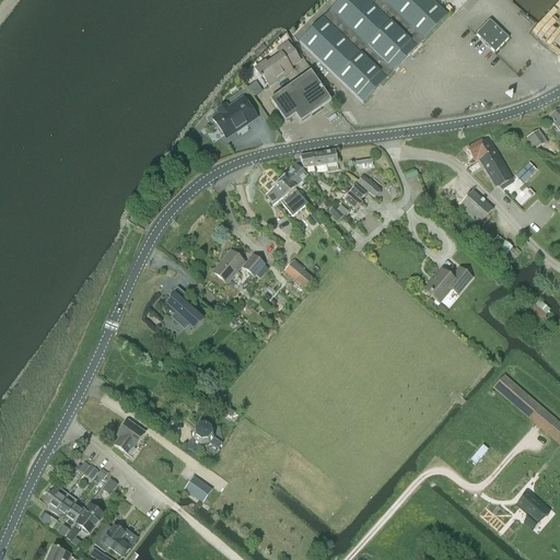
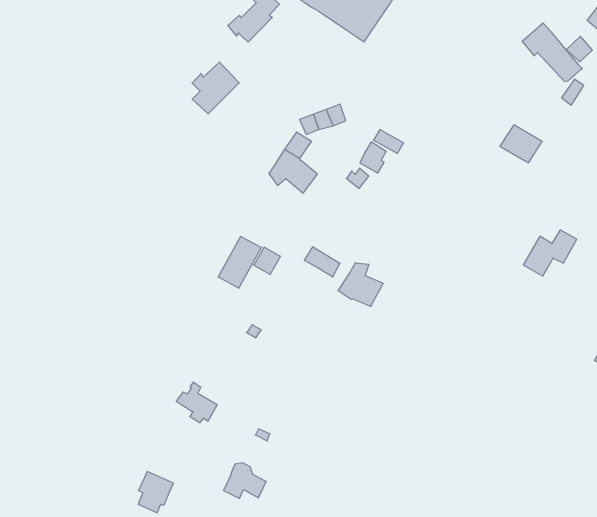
building: [271,70,331,120] -> none
building: [468,135,513,185] -> [522,23,582,81]
building: [425,266,472,301] -> [523,230,577,276]
building: none -> [338,263,383,307]
building: [165,289,198,323] -> [176,382,217,423]

